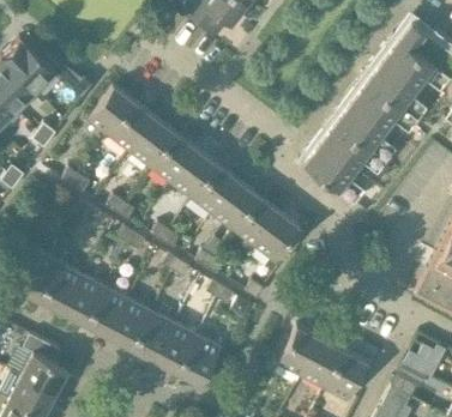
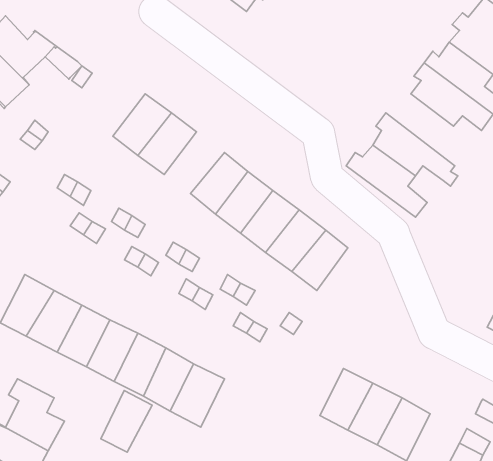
building: [88,85,135,137] -> none
building: [332,102,397,161] -> none
building: [151,133,200,183] -> none
building: [181,334,223,385] -> [101,390,152,452]

